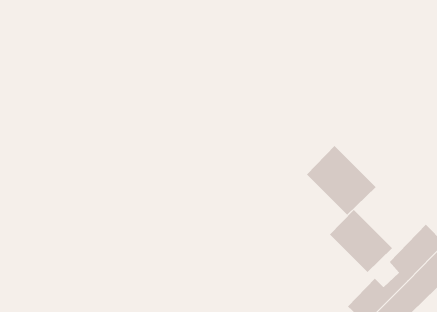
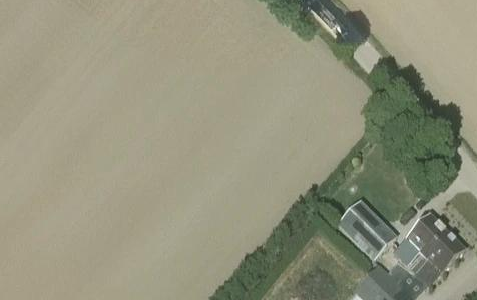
building: [306,145,377,215] -> none

